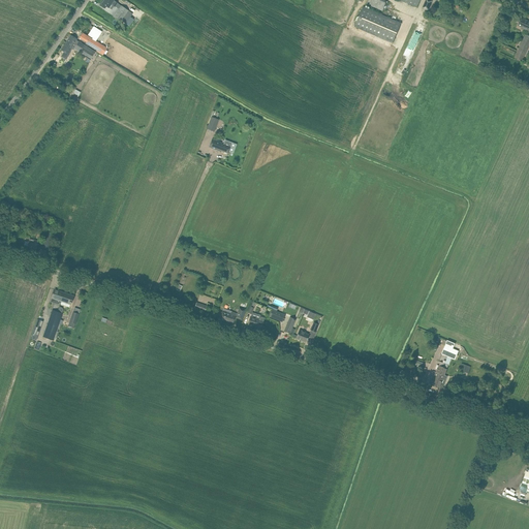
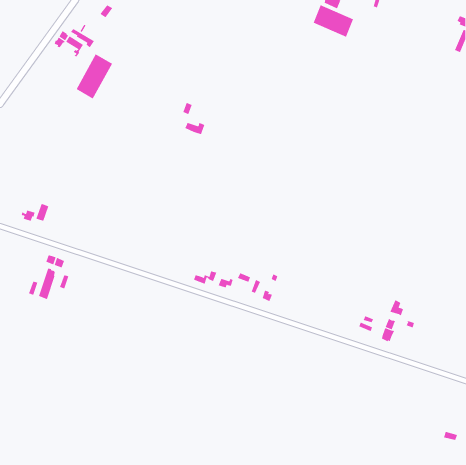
building: none -> [76,53,113,100]

